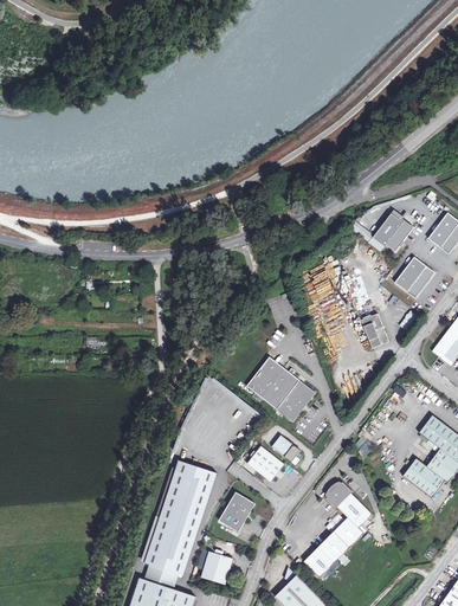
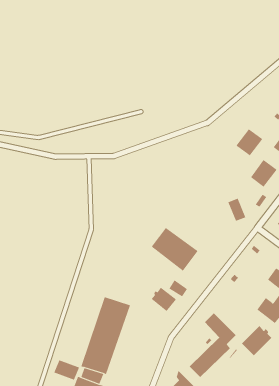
building: [219,491,256,531] -> none
building: none -> [241,325,272,356]
building: none -> [54,359,80,381]
building: [201,552,233,584] -> none

